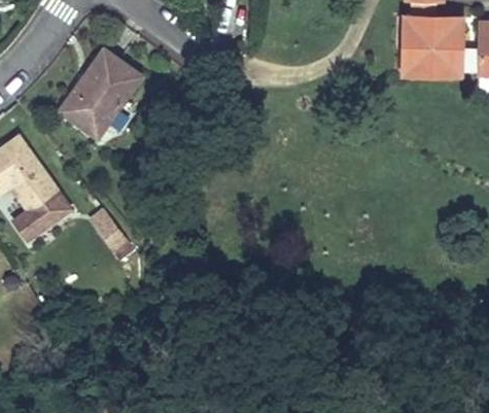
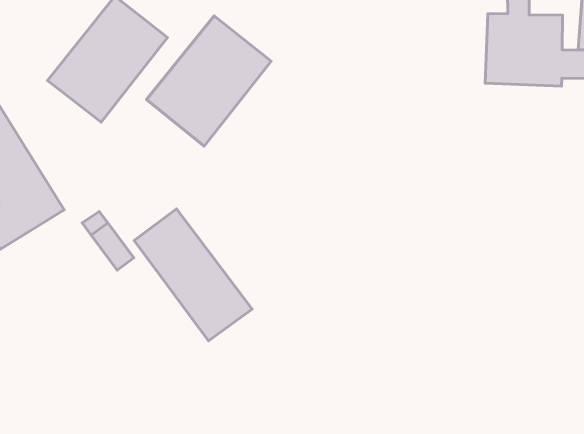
building: none -> [147,16,271,146]
building: none -> [134,209,252,341]

